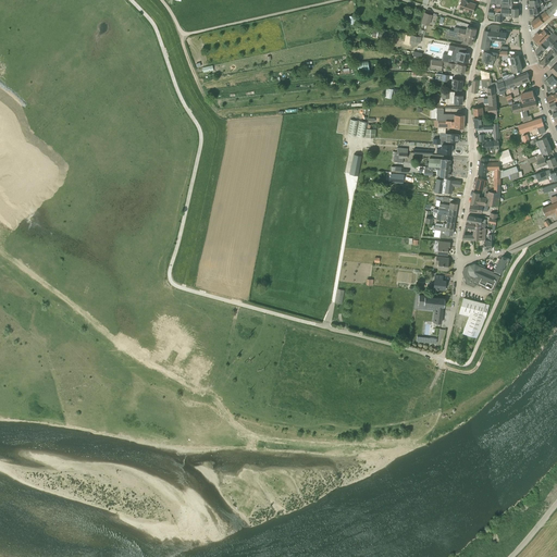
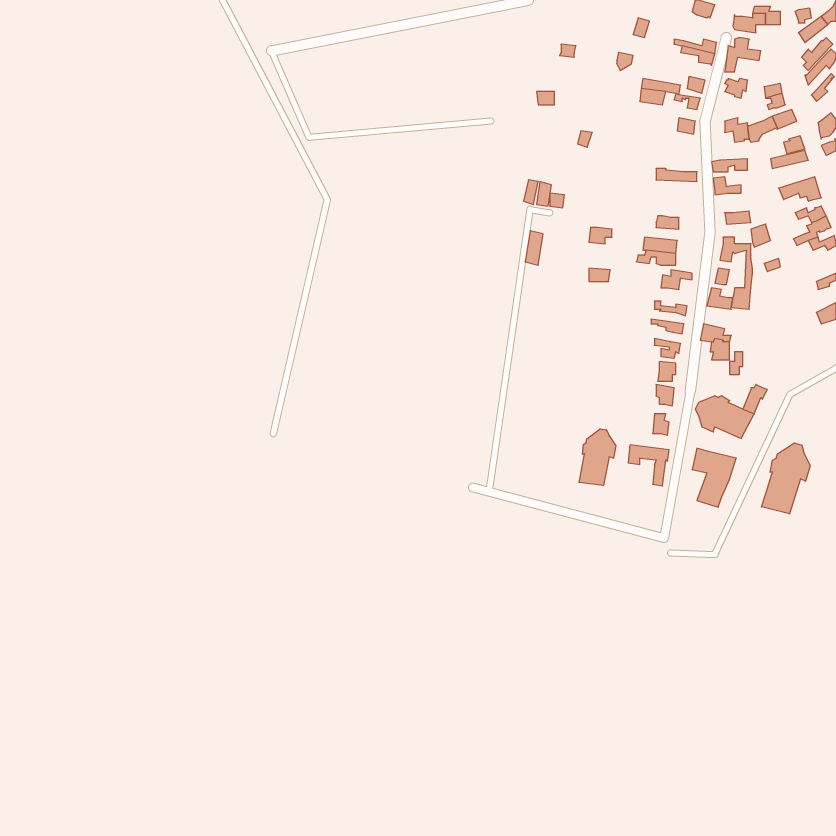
building: none -> [579,429,616,486]
building: none -> [761,443,810,514]

